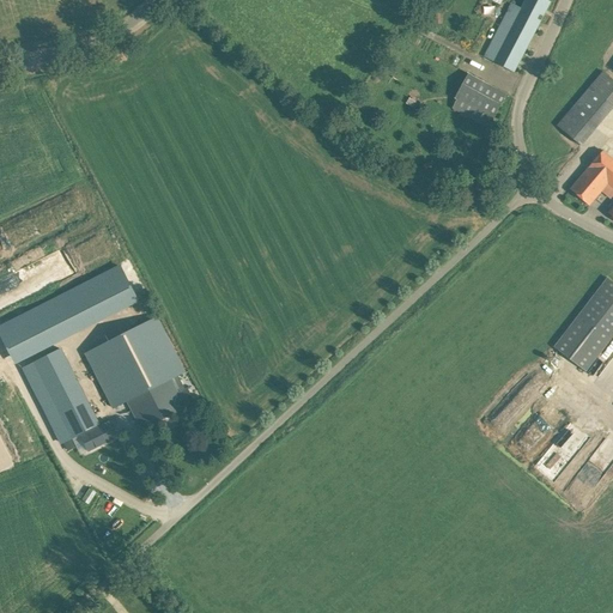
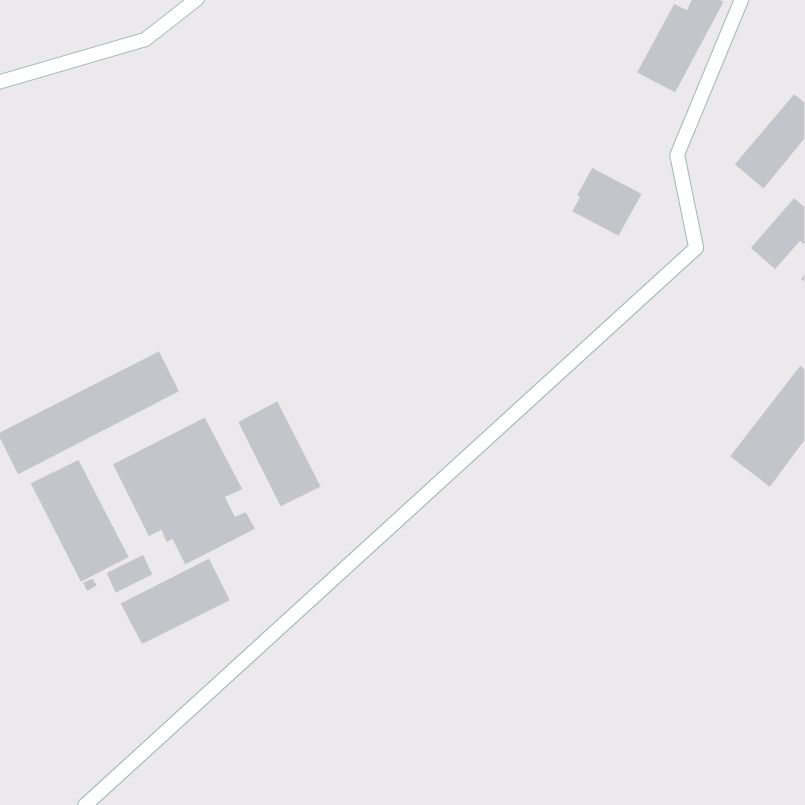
building: [451,73,505,126] -> [571,167,642,237]
building: none -> [238,400,321,507]
building: none -> [120,558,230,645]

